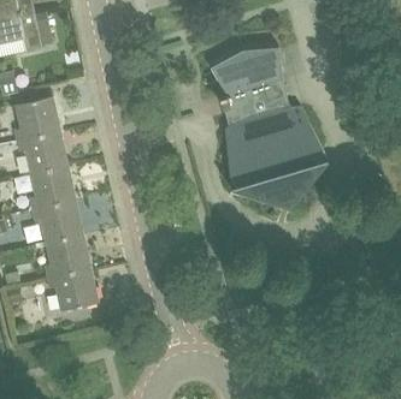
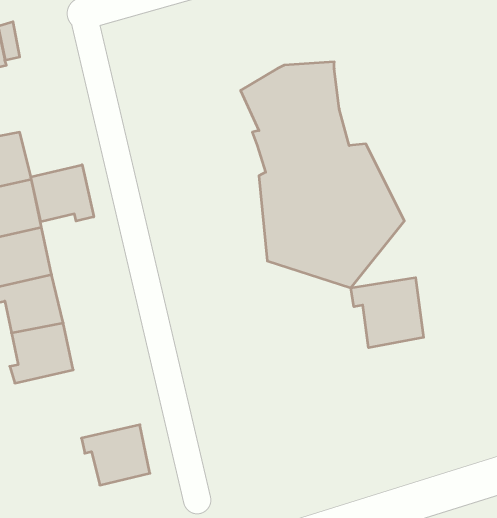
building: none -> [31,165,94,222]
building: none -> [351,278,424,348]
building: [48,268,98,311] -> [81,425,150,485]

